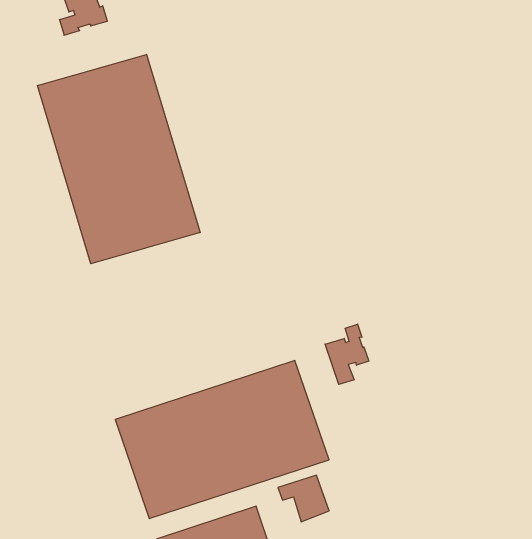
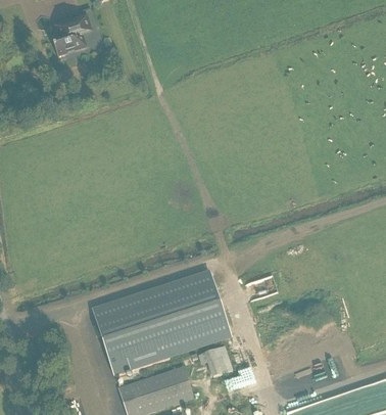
building: [37,54,200,264] -> none
building: [325,324,369,384] -> none

